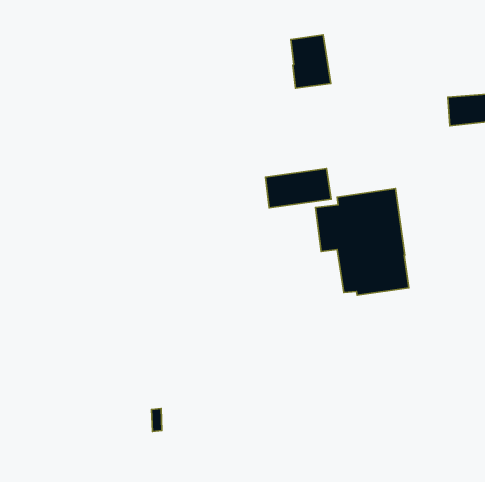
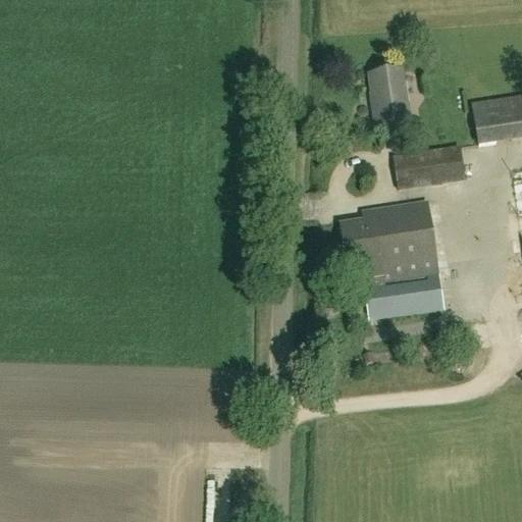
building: [291,35,331,88] -> [371,67,414,124]
building: [265,169,331,208] -> [395,145,465,187]

